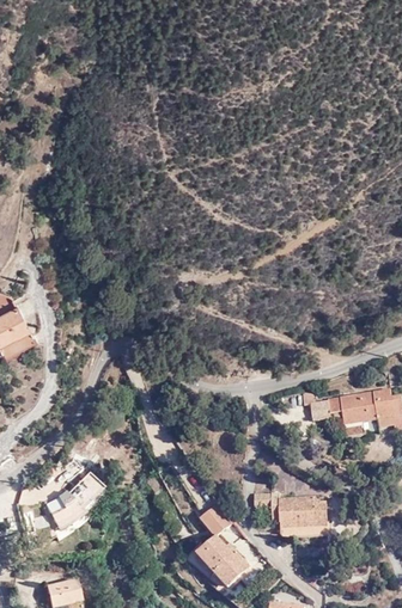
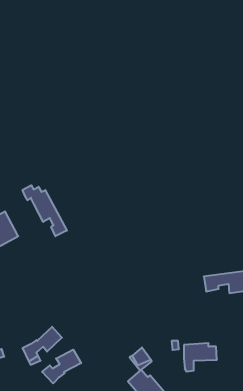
building: none -> [23,185,67,236]
building: none -> [42,350,81,383]

